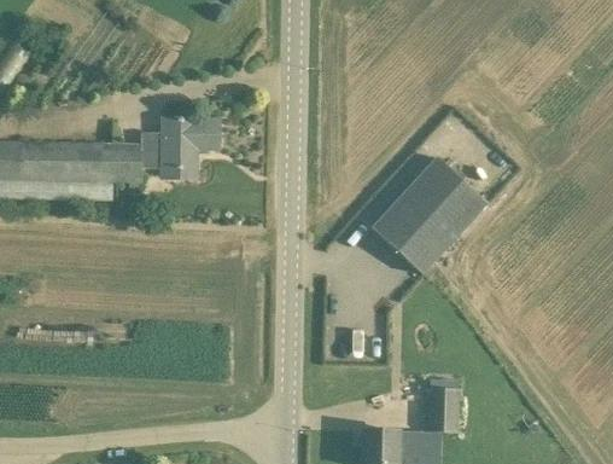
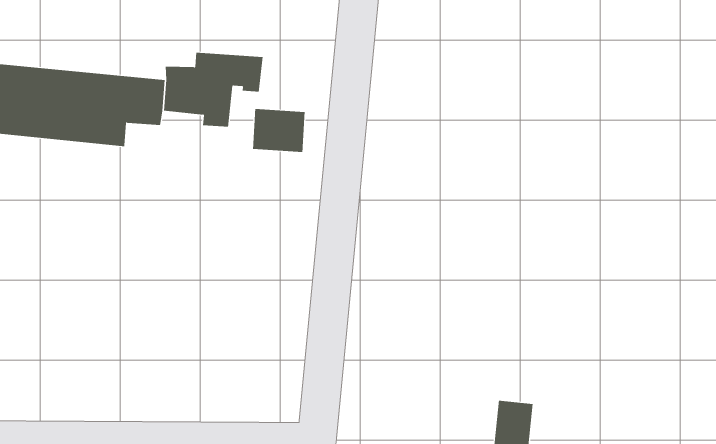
building: [372,156,486,273] -> none
building: none -> [252,108,305,153]

